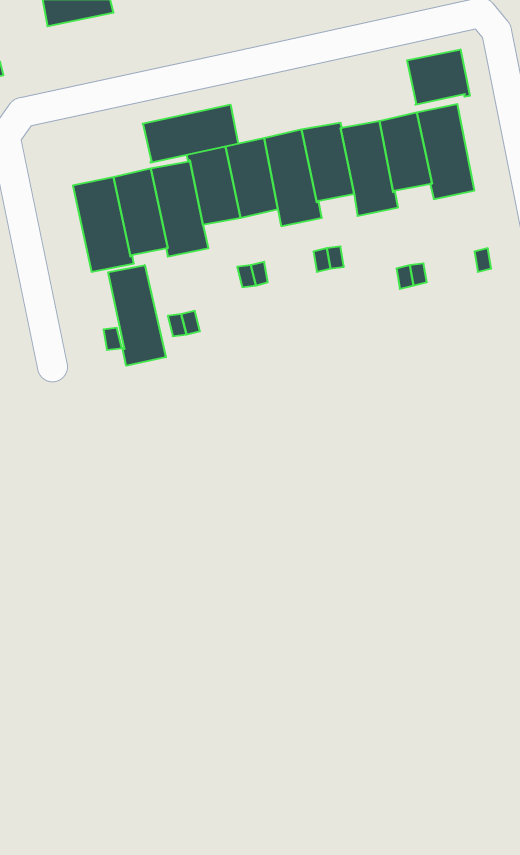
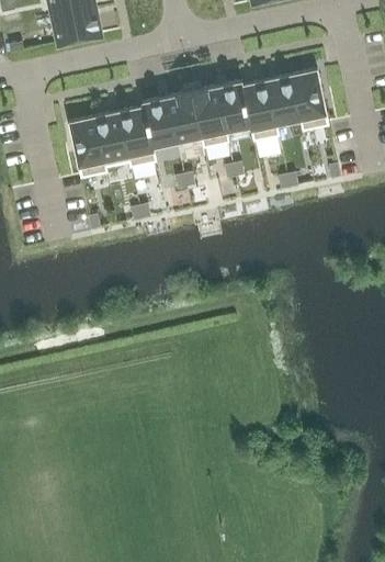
building: none -> [52,10,100,43]
building: [407,49,470,105] -> none
building: [143,105,238,163] -> none
building: [108,265,166,366] -> none

